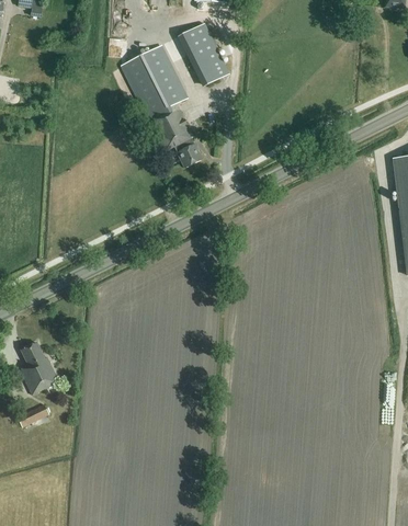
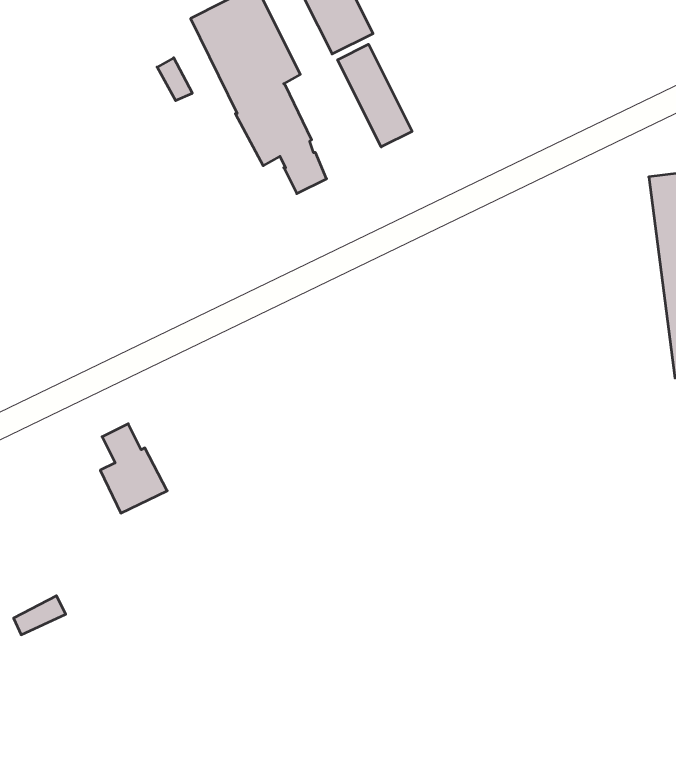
building: none -> [338,44,412,147]
building: [20,341,59,393] -> [100,424,167,513]

